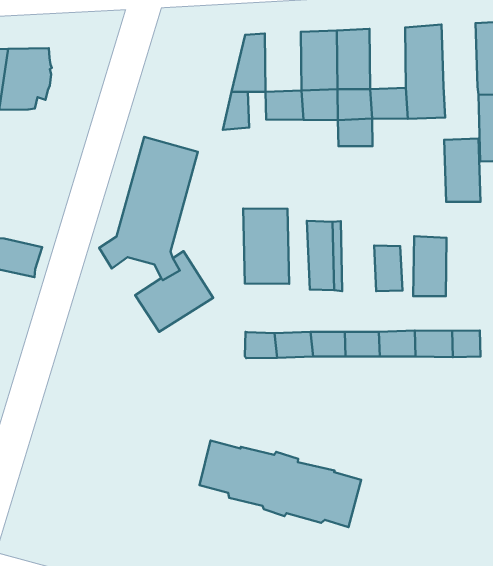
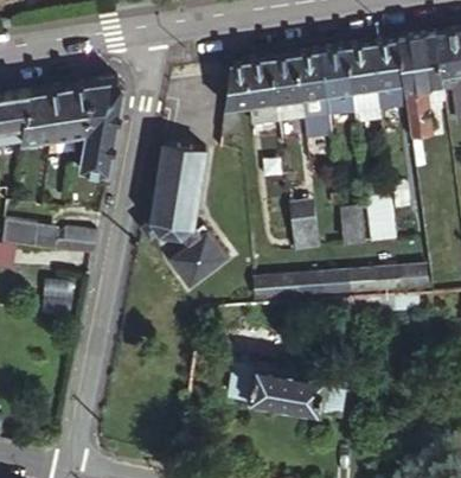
building: none -> [320,47,351,95]
building: none -> [244,58,275,104]
building: none -> [79,85,126,176]
building: [444,138,480,202] -> [372,39,403,88]
building: [243,209,289,284] -> none

